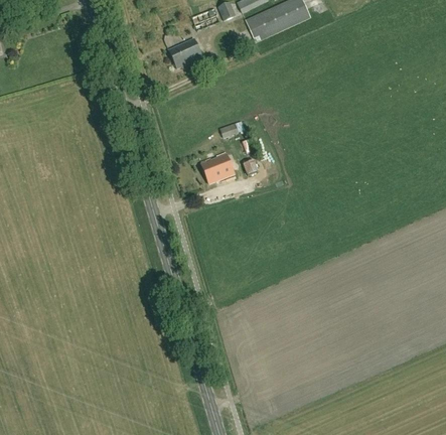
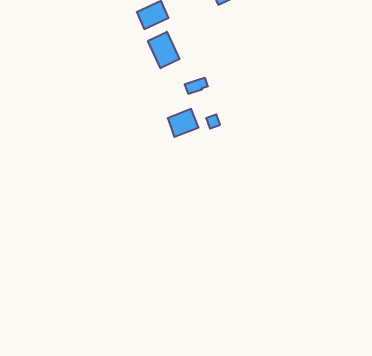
building: none -> [148,32,179,68]

